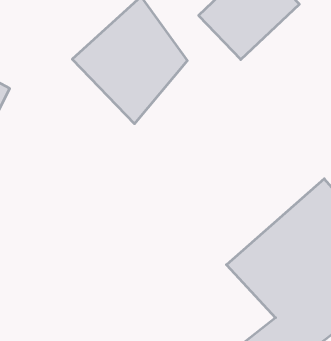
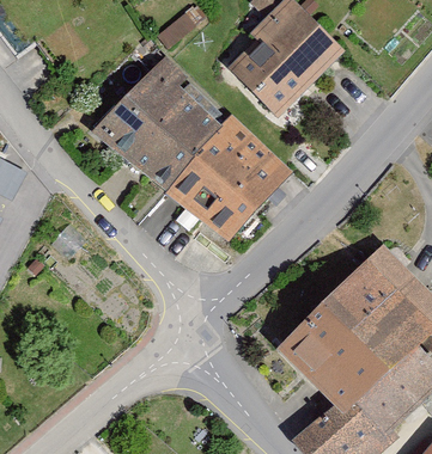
building: none -> [165,112,288,241]

